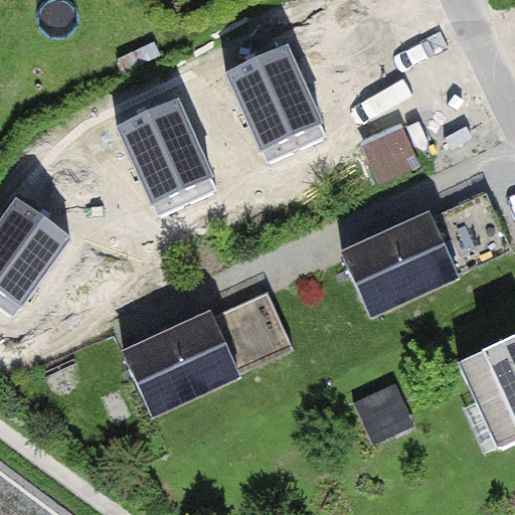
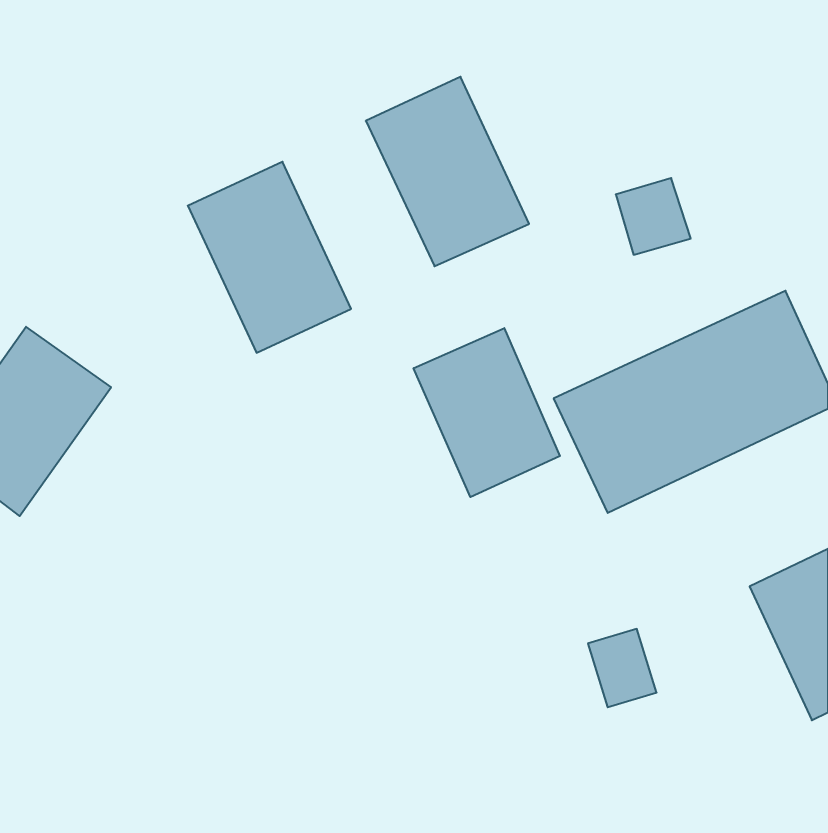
building: none -> [414,328,560,497]
building: [122,283,295,413] -> none

